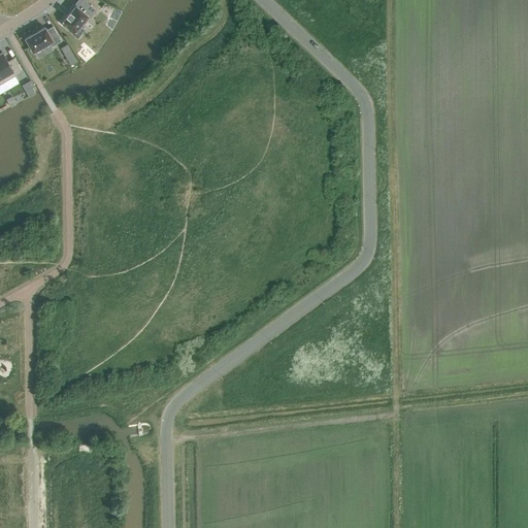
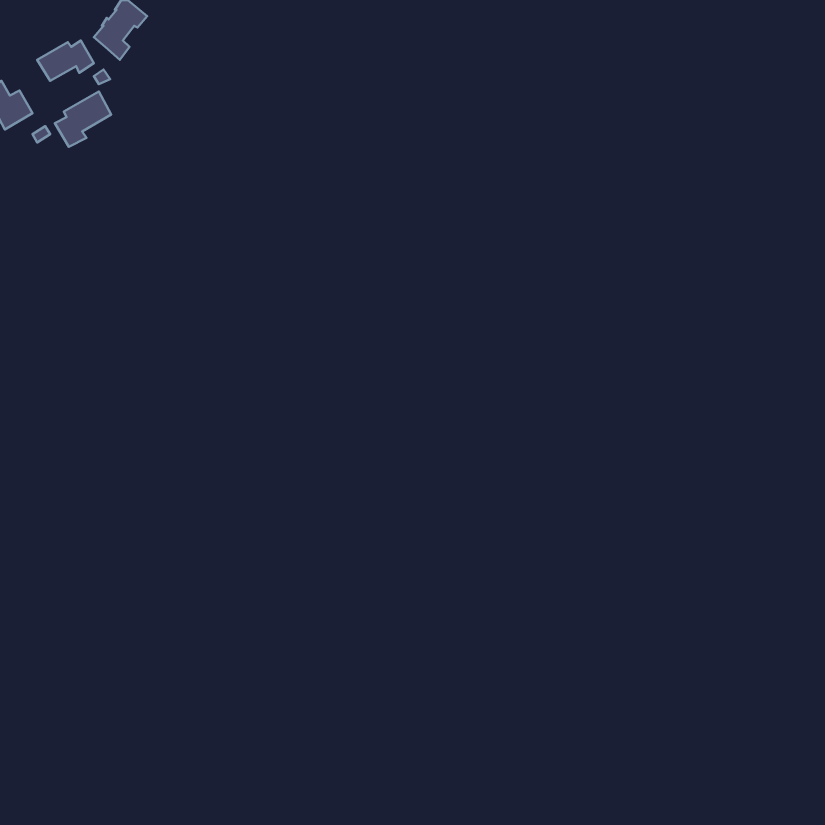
building: none -> [55,91,111,147]

